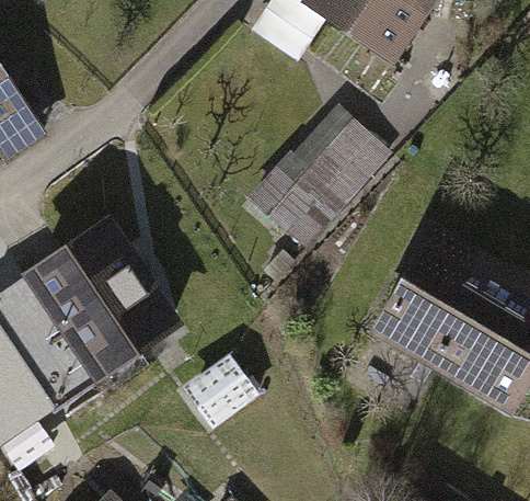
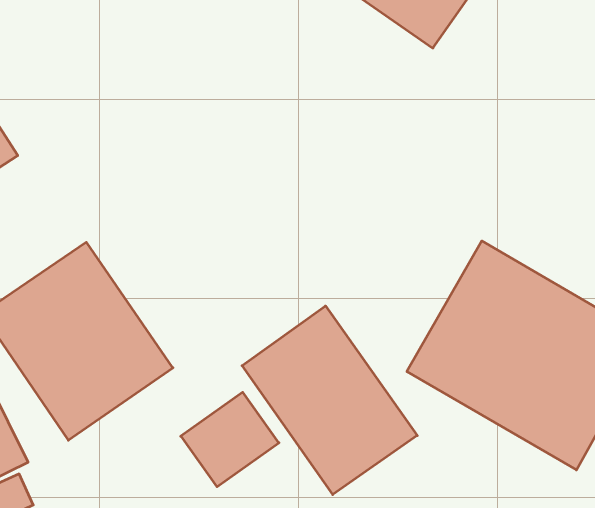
building: [239,114,388,264] -> none
building: none -> [242,306,417,495]

